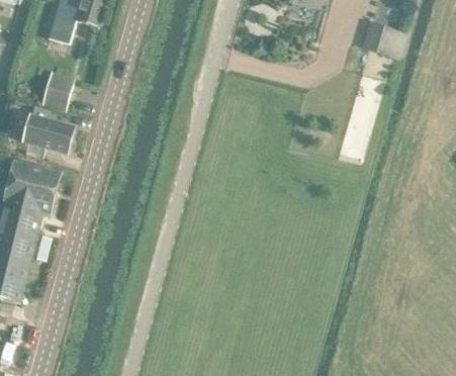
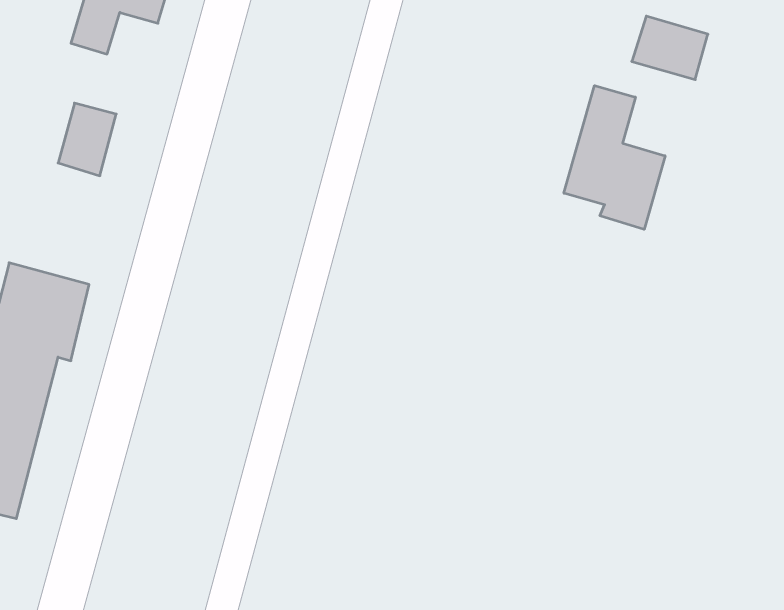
building: none -> [564,86,665,229]
building: [21,105,72,153] -> none

